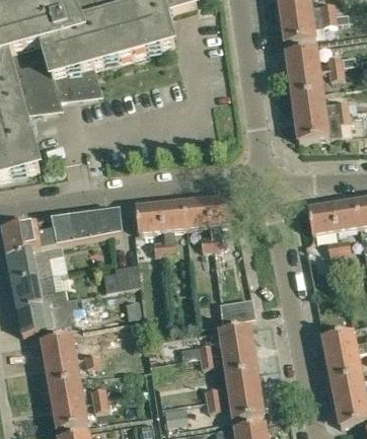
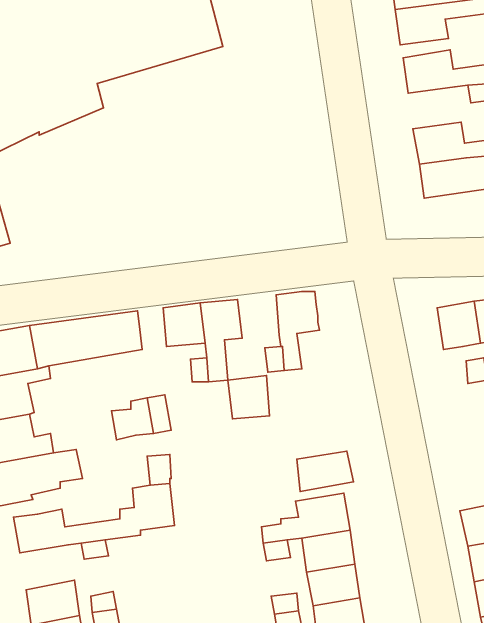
building: [289,69,322,95] -> none
building: [181,200,208,227] -> [228,375,270,419]
building: [45,357,79,385] -> none

